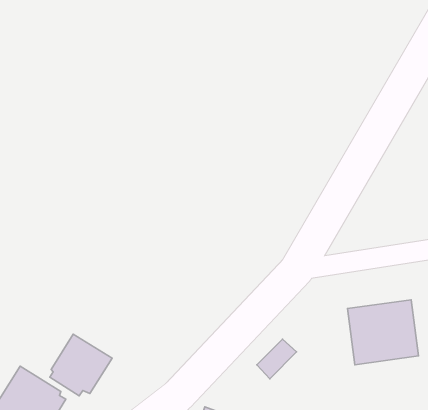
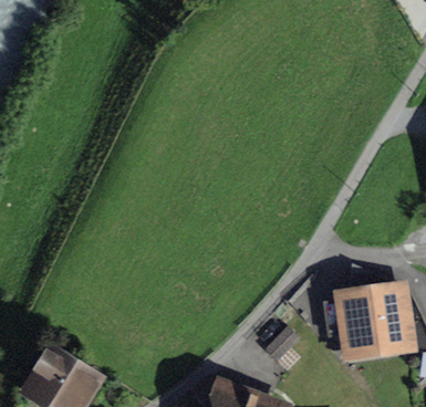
building: [50,334,112,396] -> none

